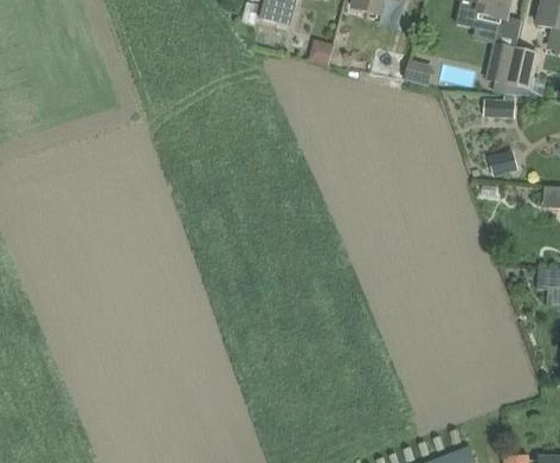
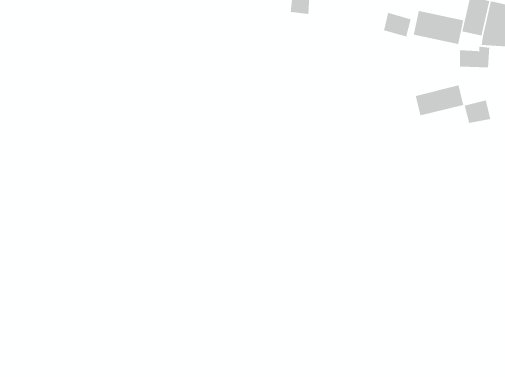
building: none -> [413,10,464,45]
building: none -> [415,85,464,116]

